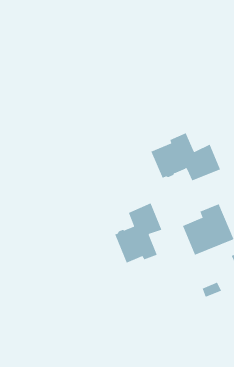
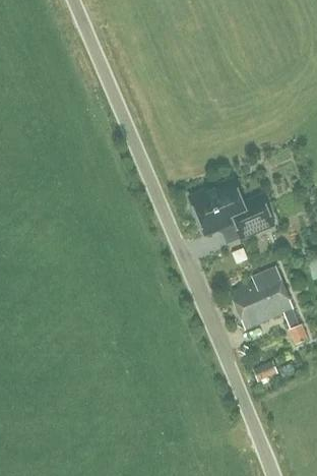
building: [115,203,162,264] -> none

